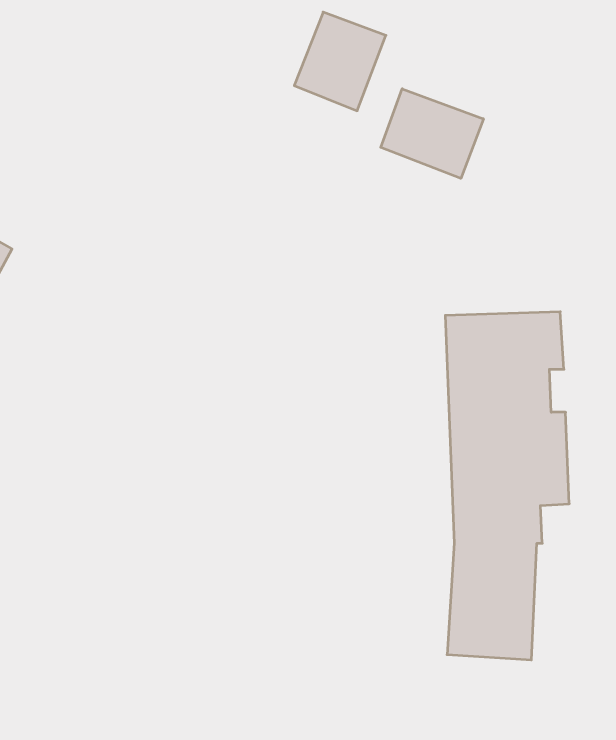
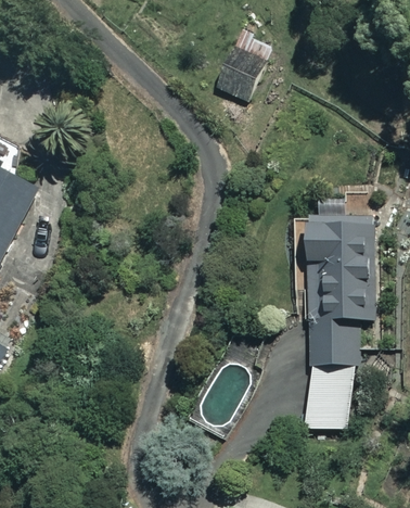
building: [381,89,483,178] -> none

